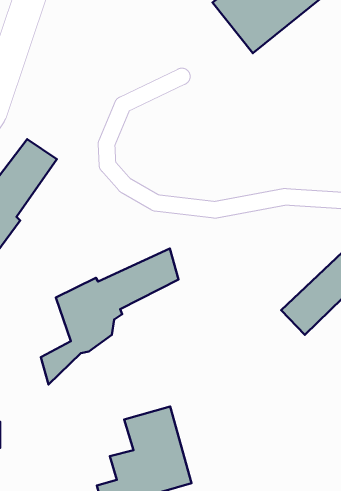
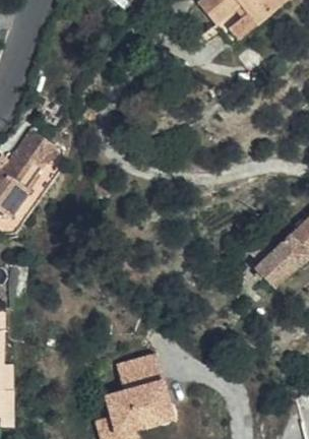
building: [41,248,179,385] -> none

